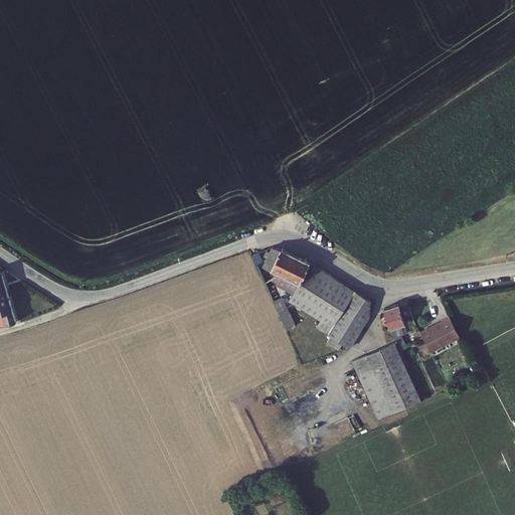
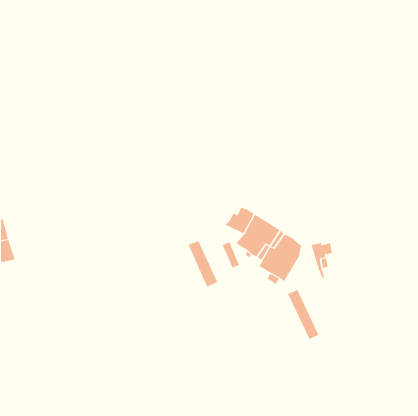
building: [267,250,296,276] -> none
building: none -> [188,240,218,288]
building: [417,313,457,349] -> none
building: [366,346,419,414] -> none

